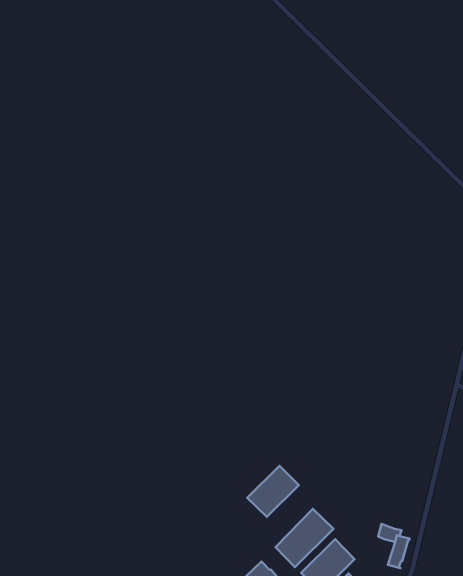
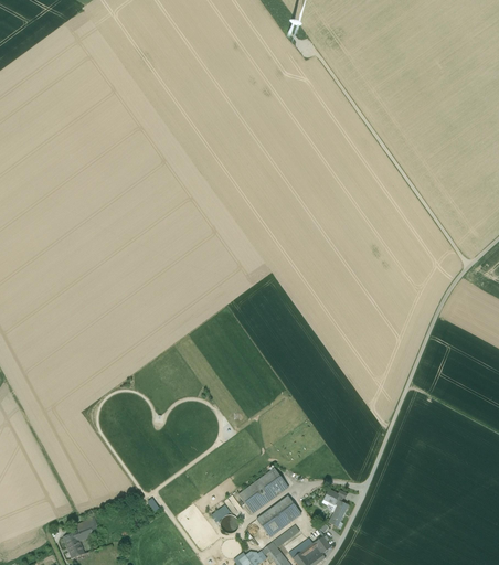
building: [247,466,299,517] -> none

